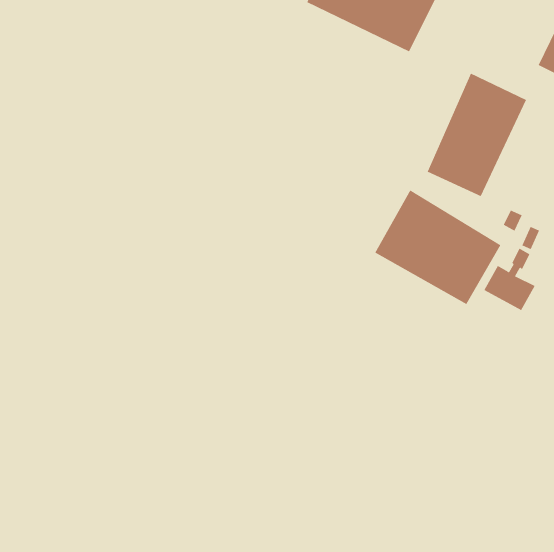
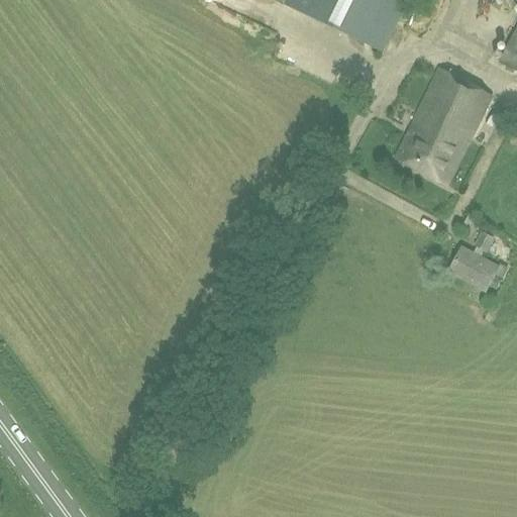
building: [375,189,501,305] -> none

